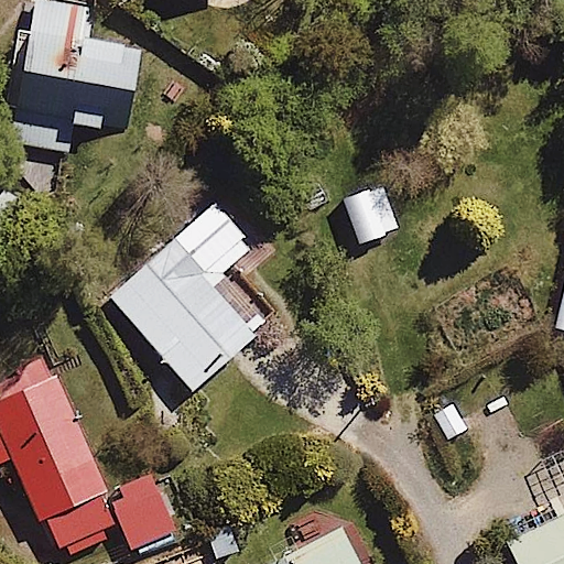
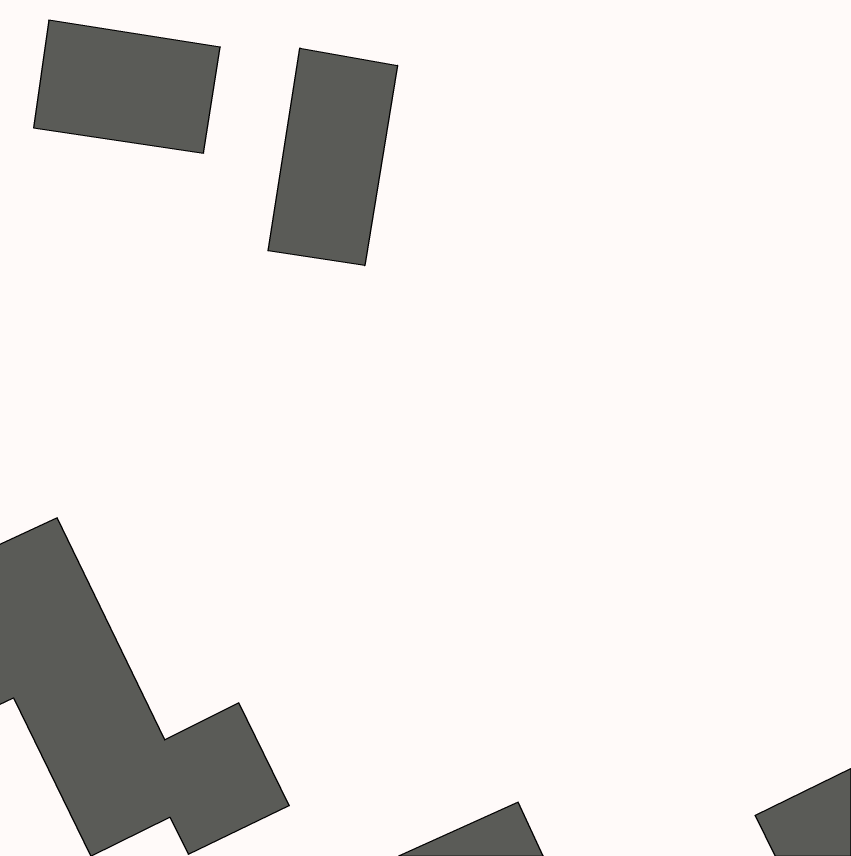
building: none -> [268,48,397,266]
building: [101,207,263,398] -> none

